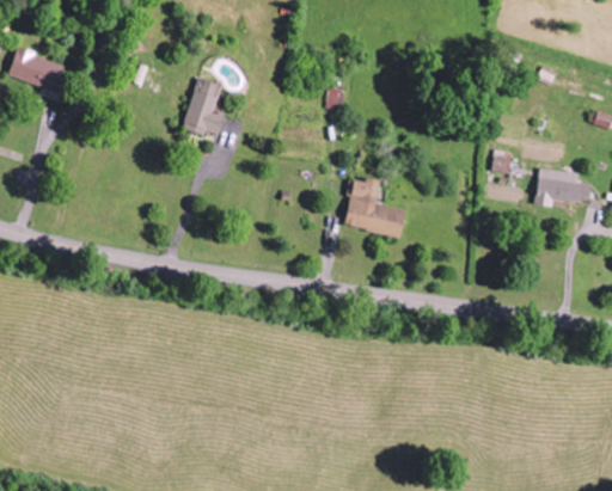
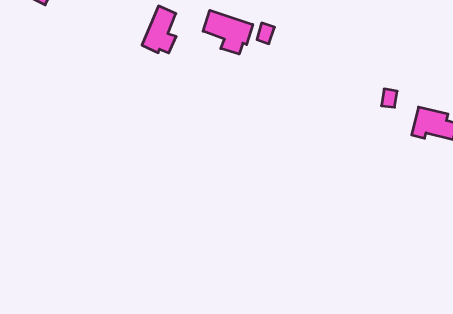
building: none -> [203,10,253,54]
building: [344,178,405,237] -> none

